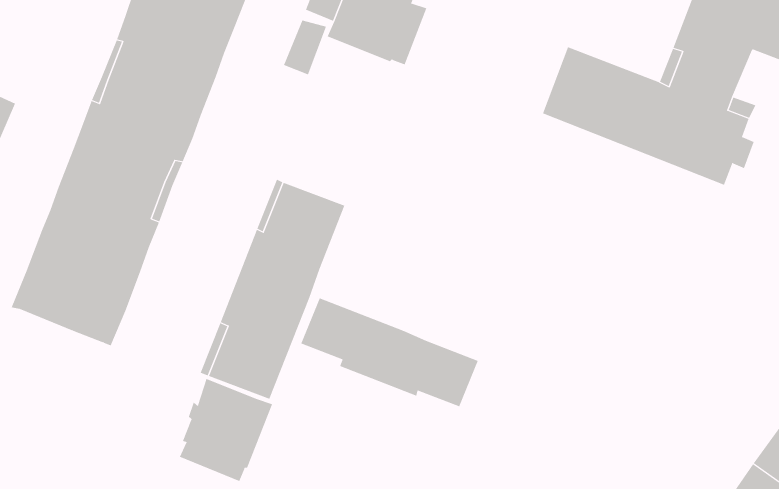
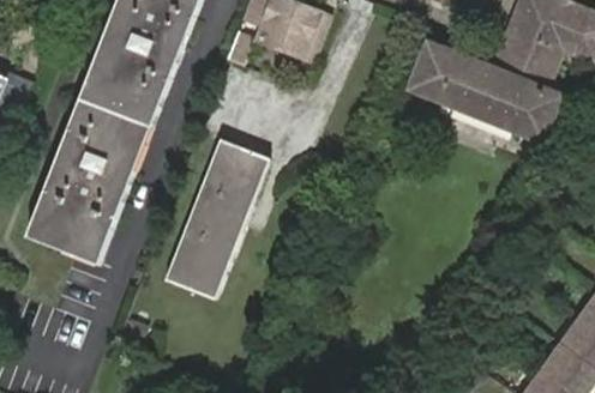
building: [301,297,478,407] -> none
building: [179,378,273,482] -> none

